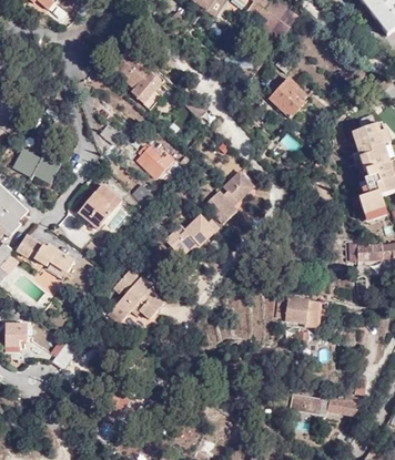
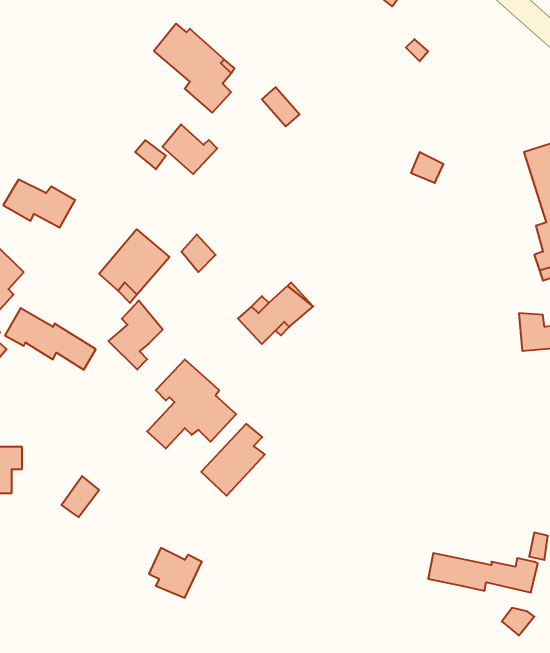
building: [270,78,310,117] -> none
building: [136,144,172,176] -> [162,124,217,174]
building: [205,171,254,223] -> none
building: none -> [108,300,163,370]
building: [276,297,321,327] -> none
building: none -> [201,424,265,496]

